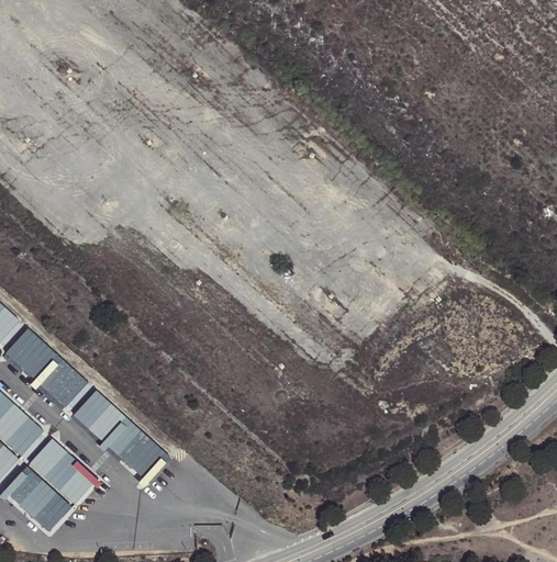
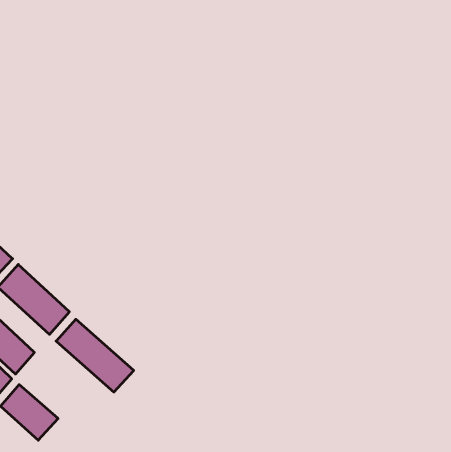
building: [30,437,96,502] -> none

